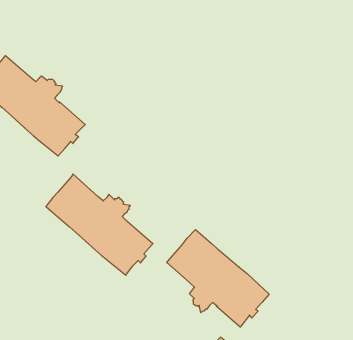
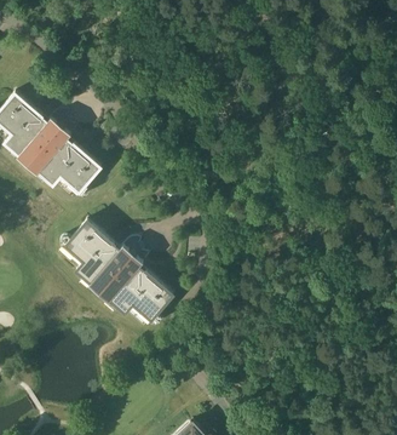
building: [167,230,269,327] -> none

